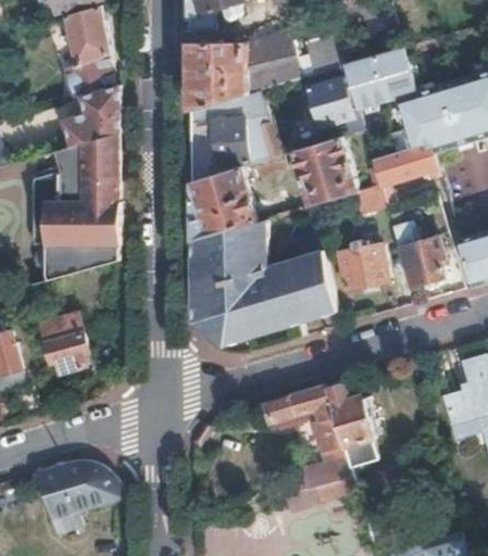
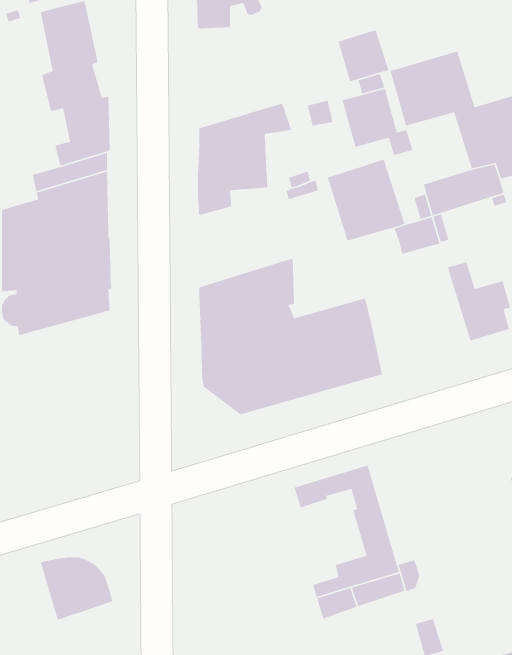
building: [189,31,303,112] -> none
building: [190,168,256,241] -> none
building: [339,244,388,290] -> none
building: [38,312,88,372] -> none
building: [329,384,381,458] -> none
building: [40,465,78,533] -> none

